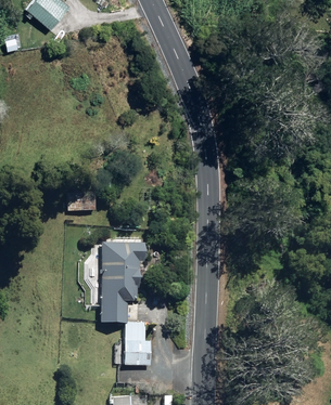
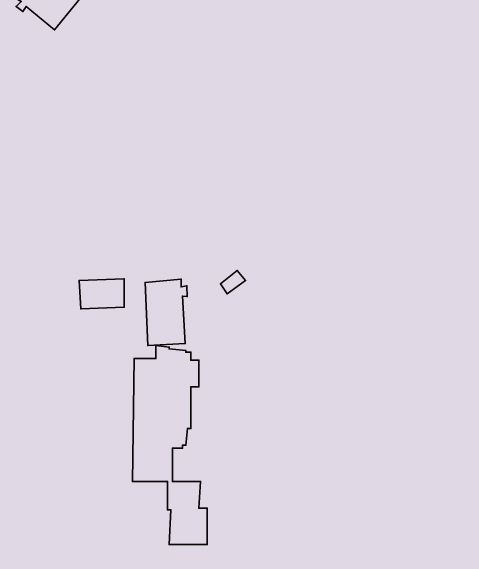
building: none -> [145,279,187,346]

